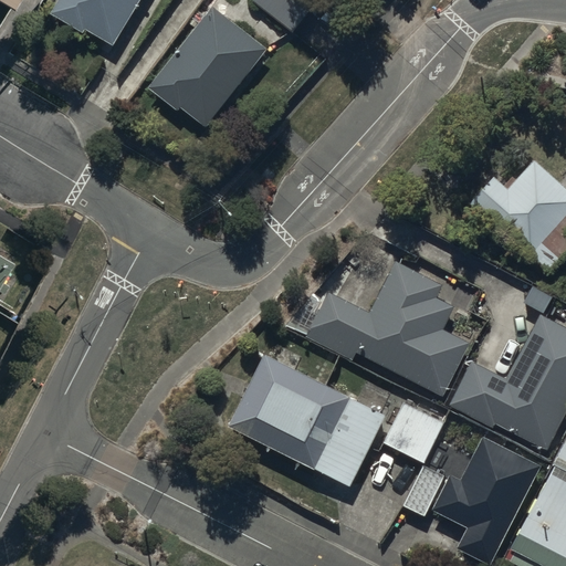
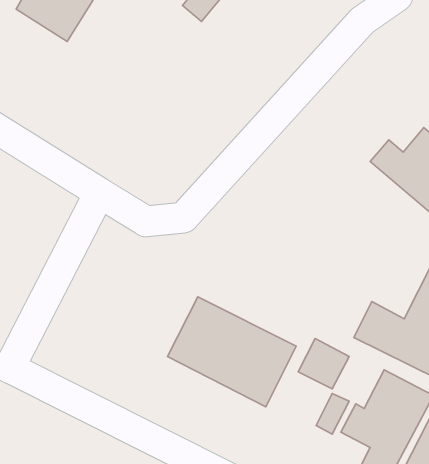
building: [154,15,270,132] -> none
building: [306,259,469,399] -> none

